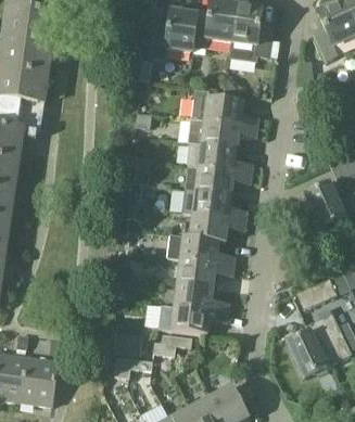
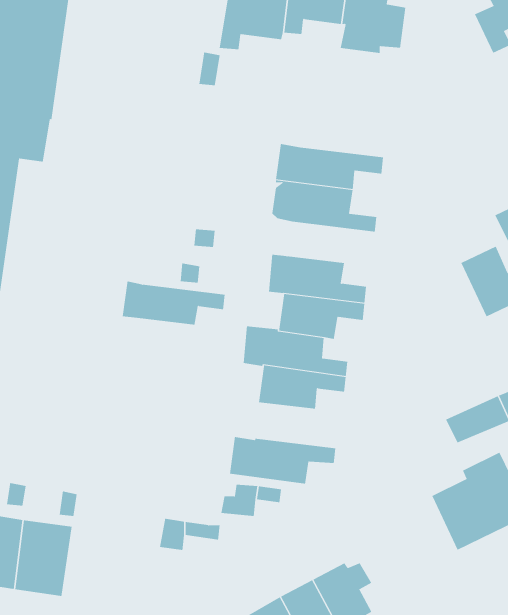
building: [191,88,258,126] -> none
building: [186,165,252,193] -> [122,281,226,325]
building: [175,282,229,311] -> none

